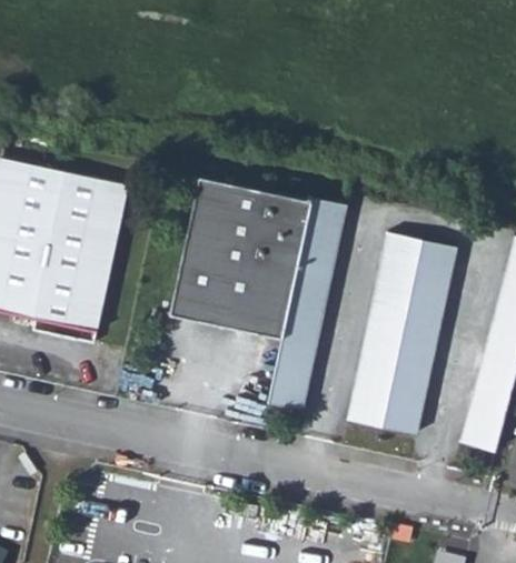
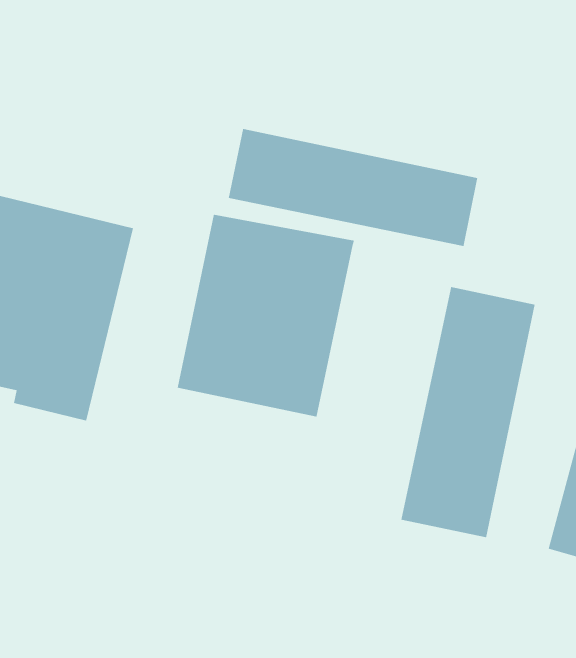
building: none -> [228,128,478,247]
building: [265,201,343,412] -> none

